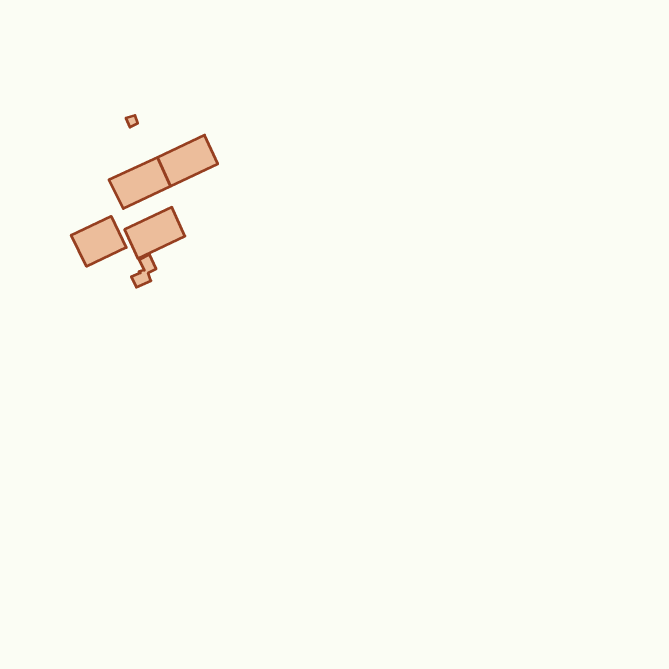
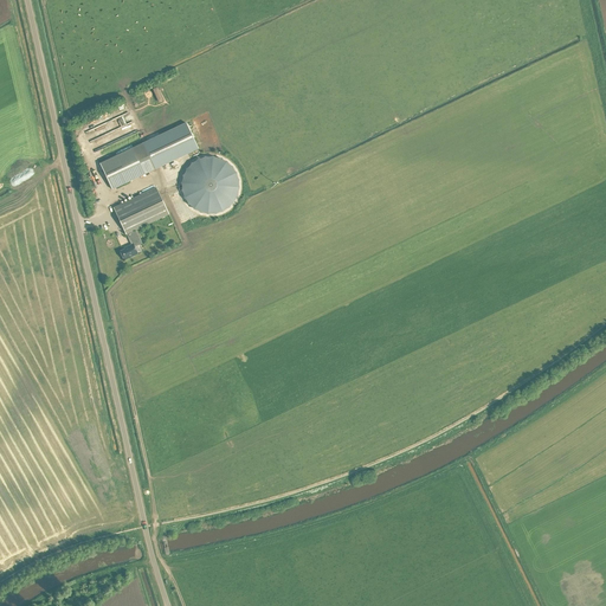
building: none -> [185,162,241,213]
building: [71,216,126,266] -> none

